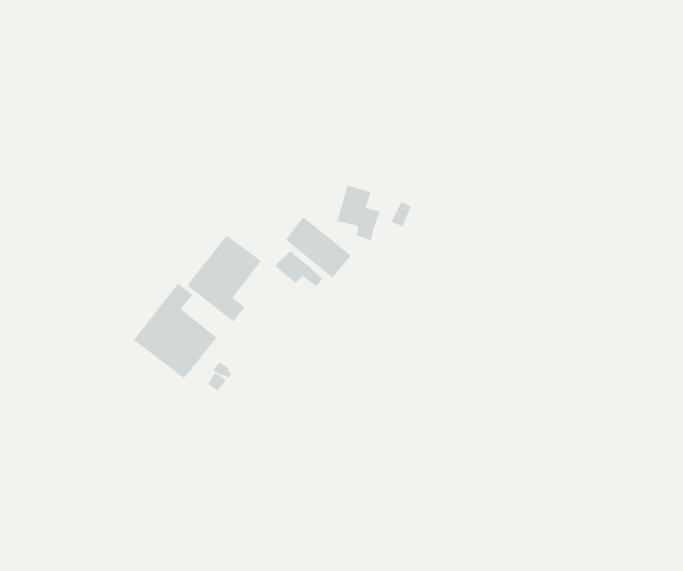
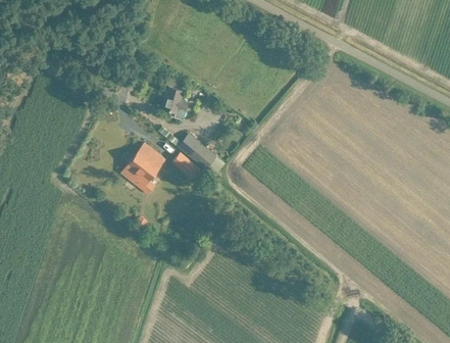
building: [336,185,380,241] -> [163,88,189,120]
building: [133,283,218,379] -> none

